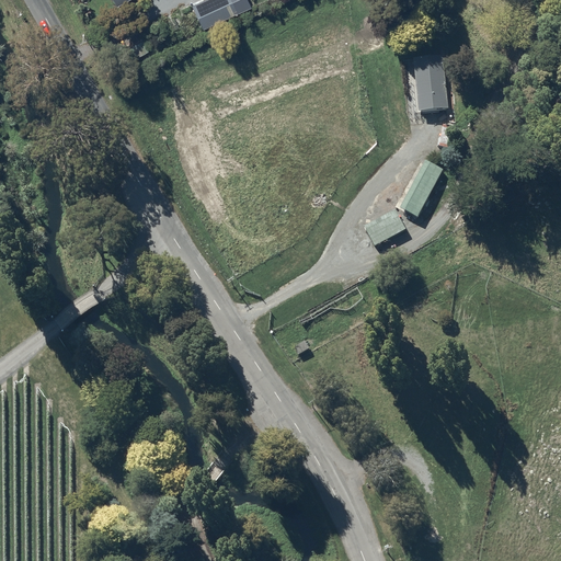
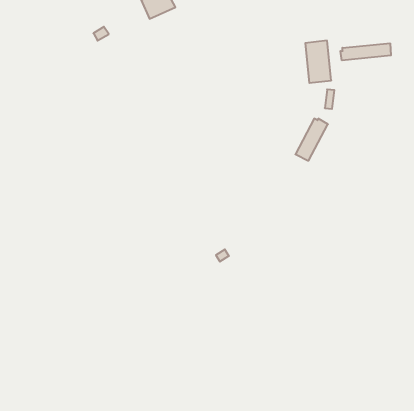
building: none -> [340,43,391,60]
building: [363,209,405,247] -> none

